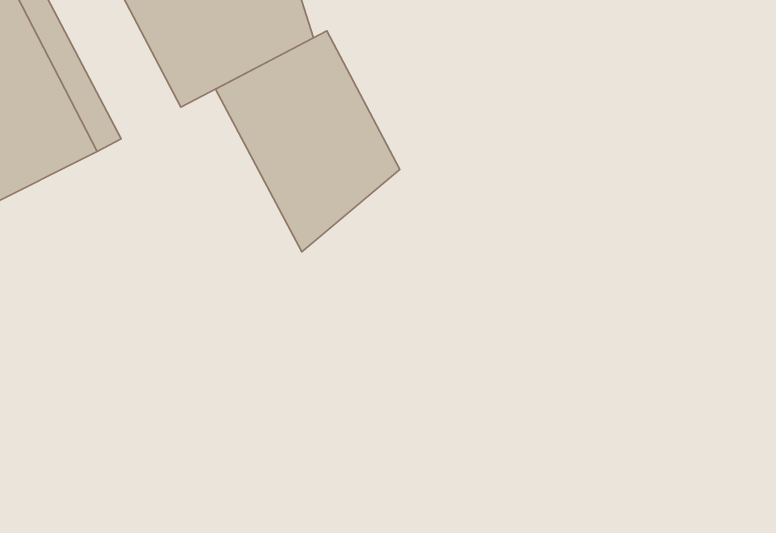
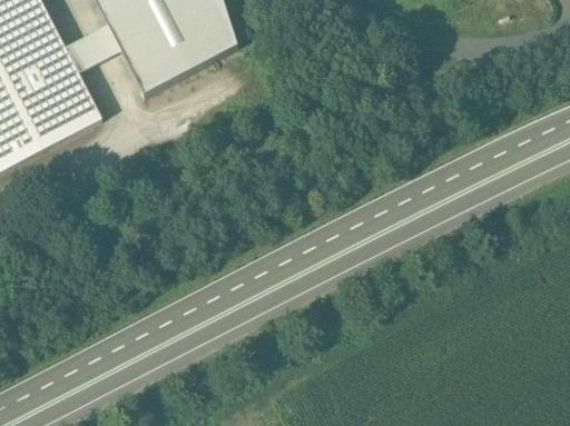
building: [215,31,400,252] -> none

